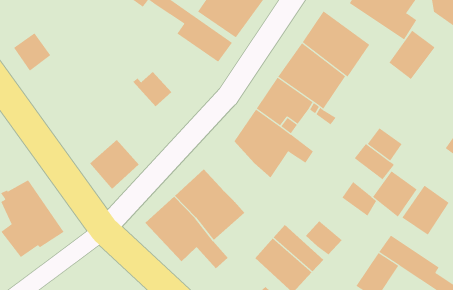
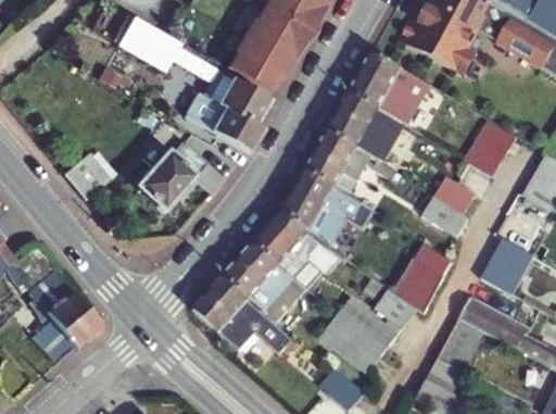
building: [389,30,436,80] -> [464,122,515,178]
building: none -> [192,91,266,150]
building: [13,33,51,72] -> [68,146,112,190]
building: [89,139,140,190] -> [136,152,192,210]
building: none -> [253,209,340,276]
building: [372,171,417,218] -> [392,261,442,313]

